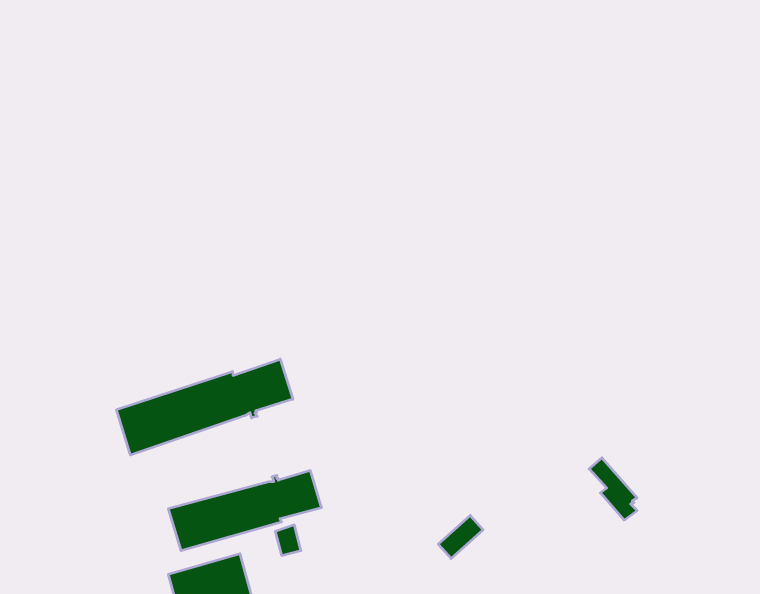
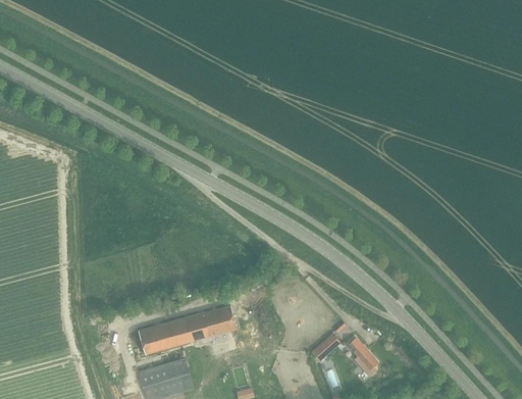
building: [117,359,293,455] -> none
building: [589,458,637,520] -> [347,336,377,376]

